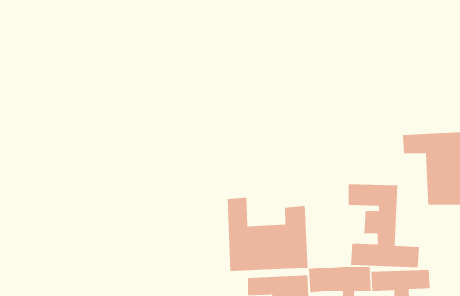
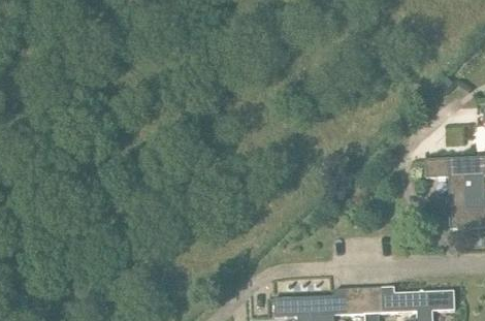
building: [348,184,419,268] -> none
building: [227,197,308,272] -> none

